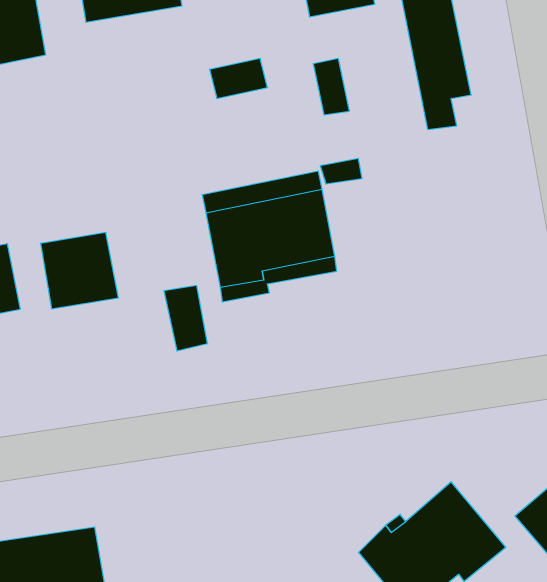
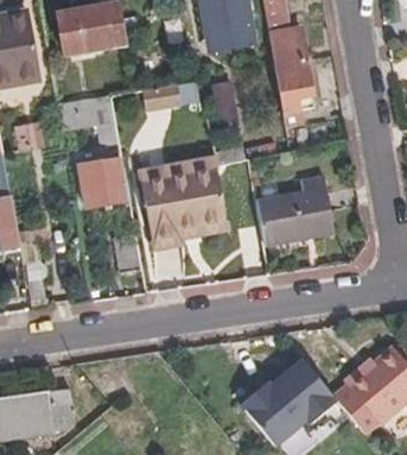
building: none -> [57,96,114,132]
building: none -> [257,176,335,246]
building: [40,233,119,309] -> [78,157,129,207]

